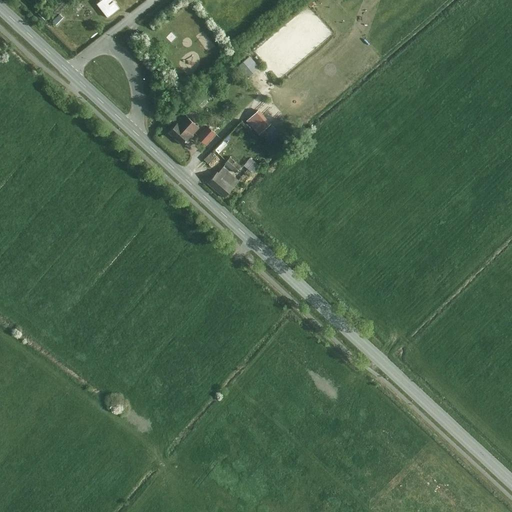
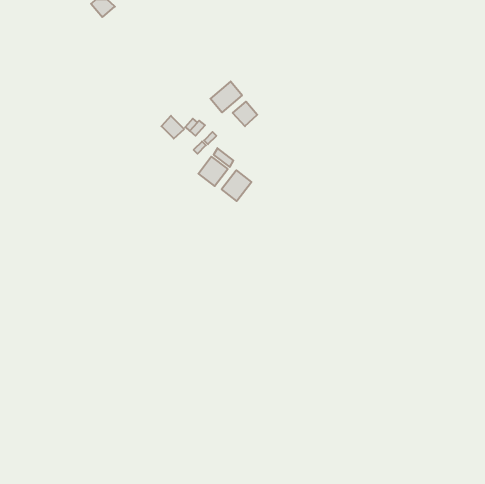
building: none -> [210,81,242,112]
building: none -> [222,170,251,201]

